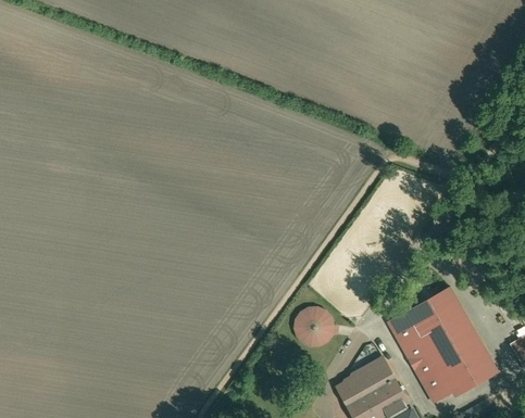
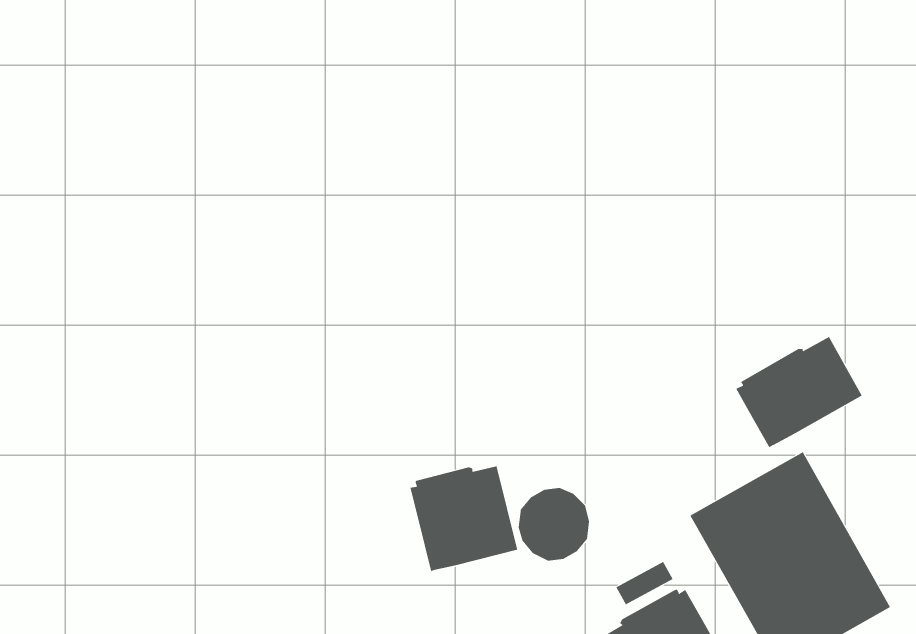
building: none -> [736,336,862,448]
building: none -> [410,466,518,572]

